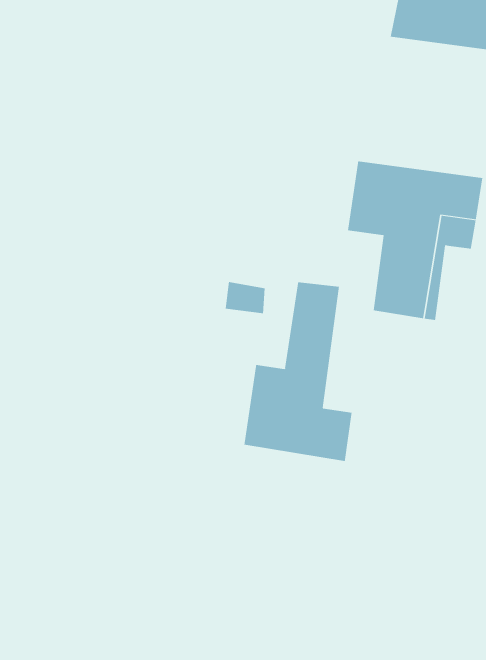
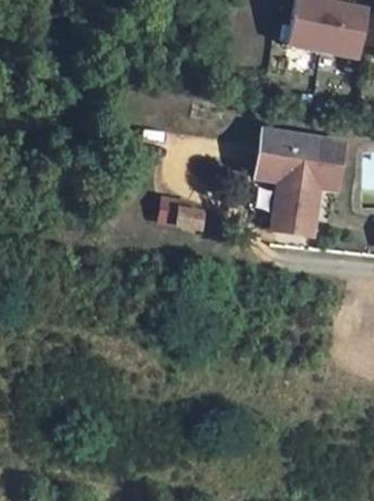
building: [244,281,352,462] -> none

